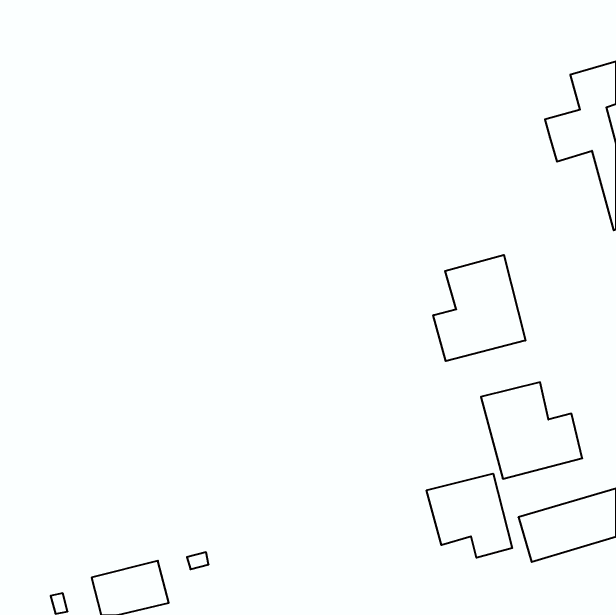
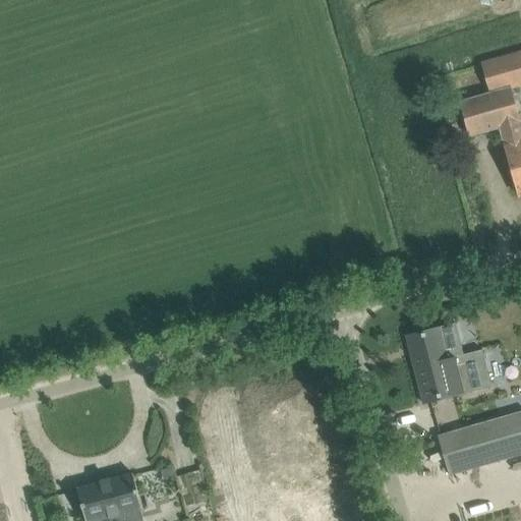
building: [433,255,525,361] -> none
building: [427,474,512,558] -> none

